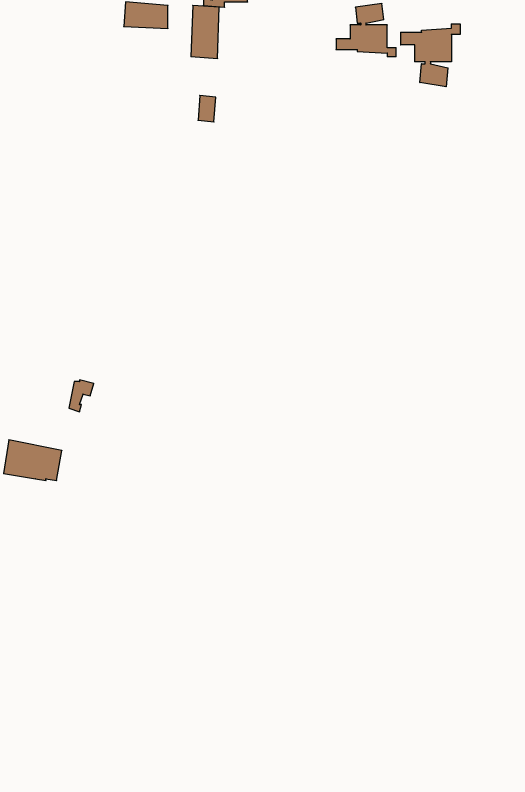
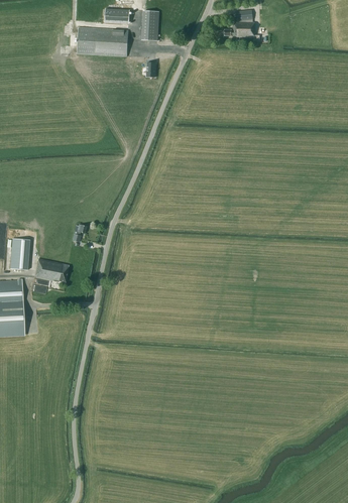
building: [401,24,460,87] -> none
building: none -> [77,27,128,55]

